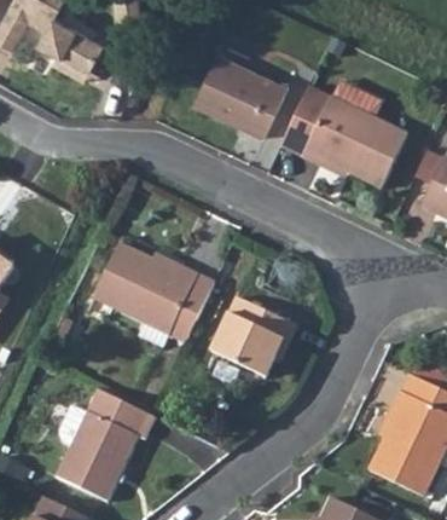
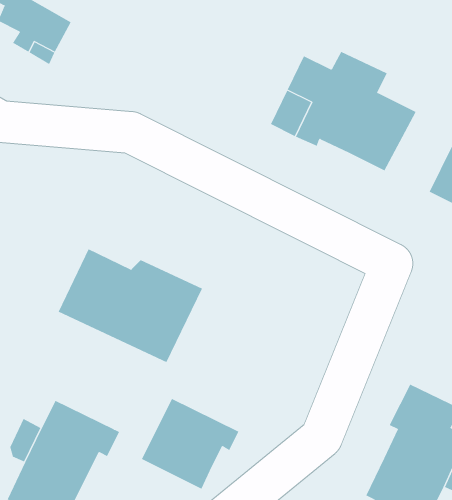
building: [196,47,291,134] -> none
building: [207,294,292,374] -> [141,398,239,489]

